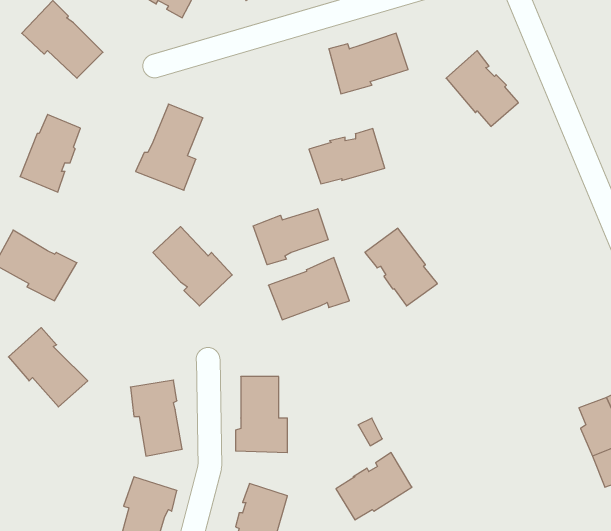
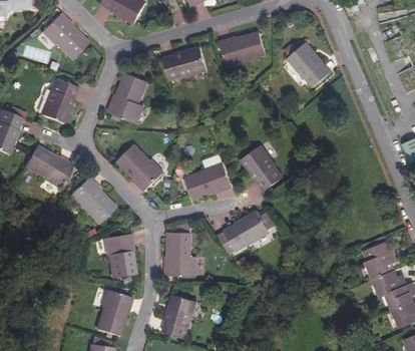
building: [309,129,385,184] -> [161,46,205,78]
building: [253,209,328,265] -> none
building: [8,328,88,407] -> [68,178,114,224]
building: [336,453,412,520] -> [224,211,268,250]

